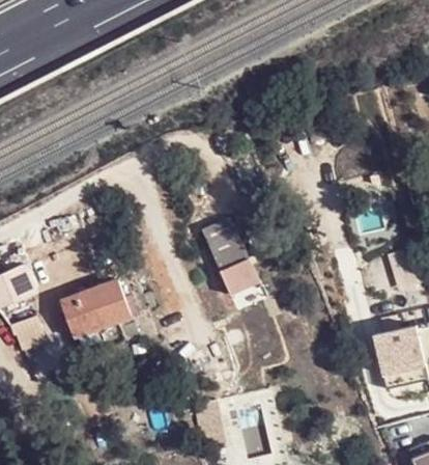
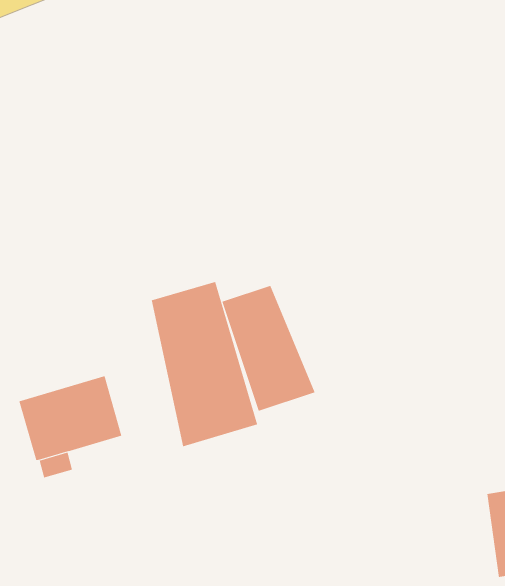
building: none -> [151,281,258,447]

